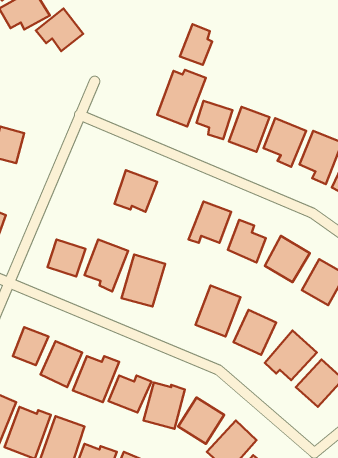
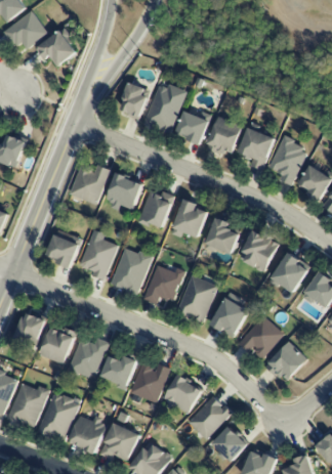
building: [180,24,212,65] -> [119,82,148,118]
building: none -> [70,163,110,205]
building: none -> [138,192,173,228]
building: none -> [143,265,185,304]

